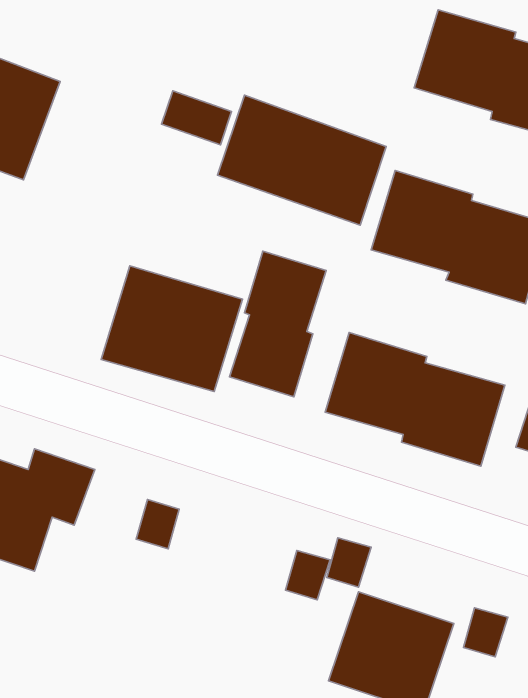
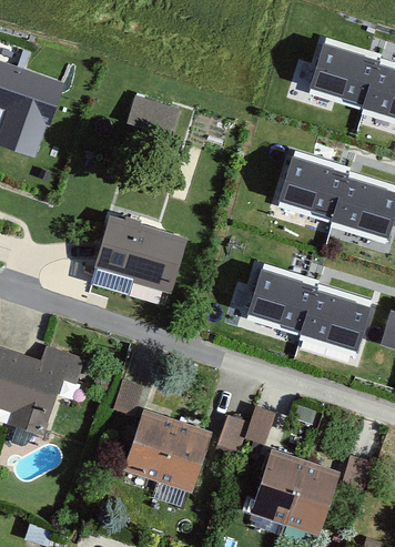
building: [218,95,386,225] -> none
building: [229,251,326,397] -> none
building: none -> [123,406,211,488]

